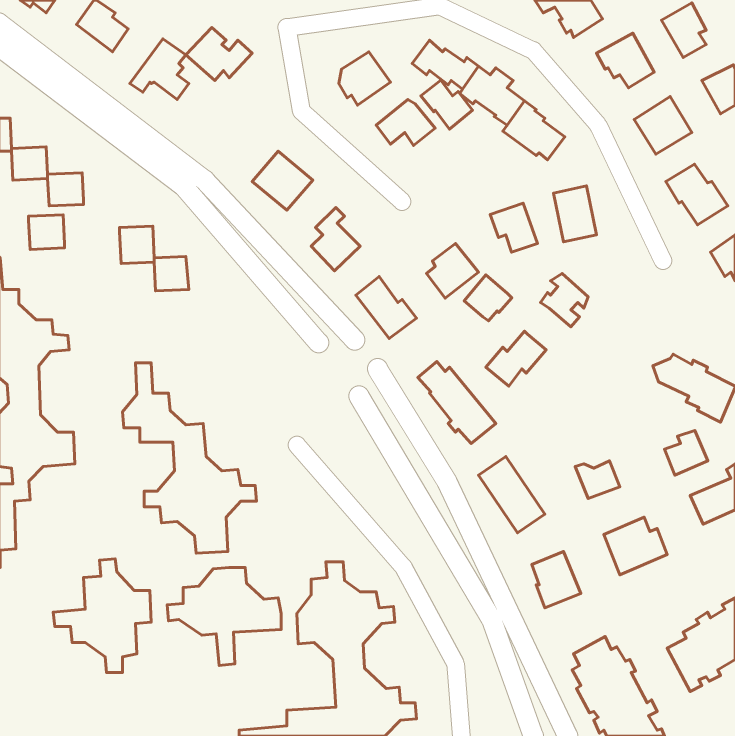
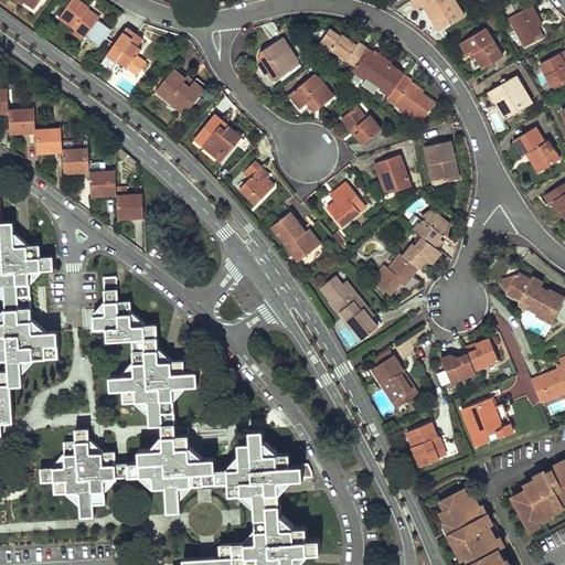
building: [186,27,252,81] -> [154,73,205,114]
building: [421,80,473,129] -> [341,108,381,146]
building: [29,215,65,249] -> [64,152,92,179]
building: [464,275,512,321] -> [404,236,440,271]
building: [665,431,708,475] -> [467,339,500,373]

